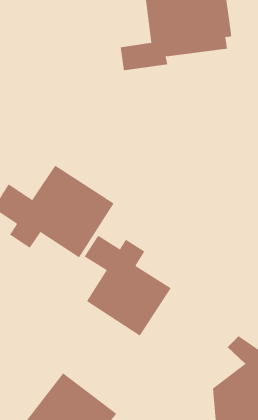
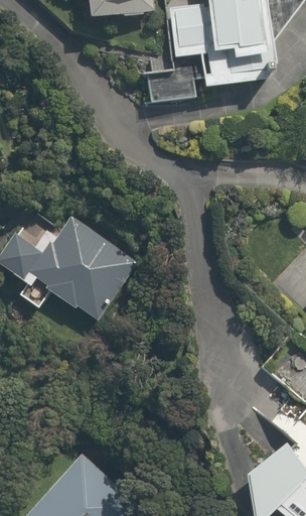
building: [84,235,171,336] -> none

